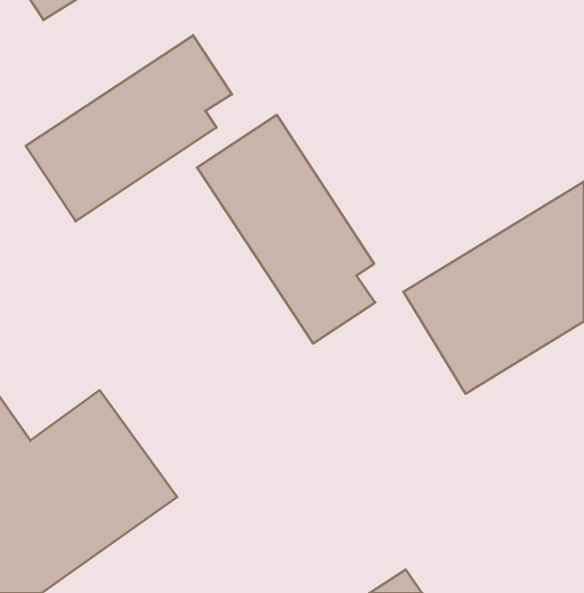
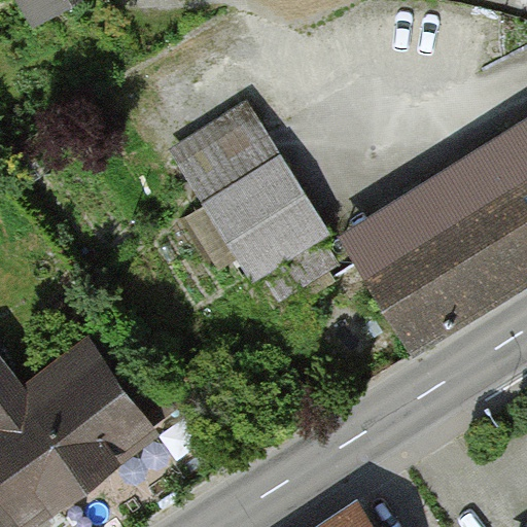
building: [26,35,232,221] -> none

